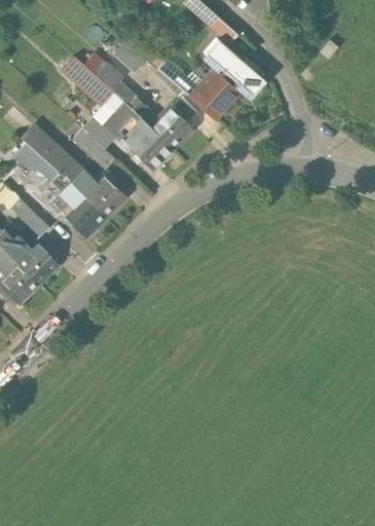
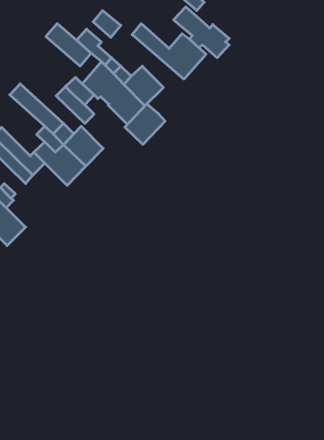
building: [15,143,60,181] -> none
building: none -> [125,104,165,144]
building: [16,241,58,284] -> none

